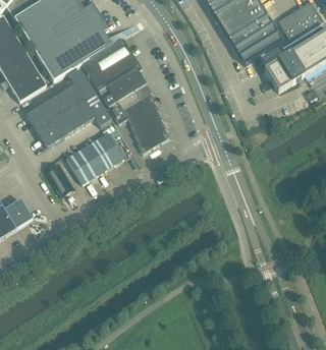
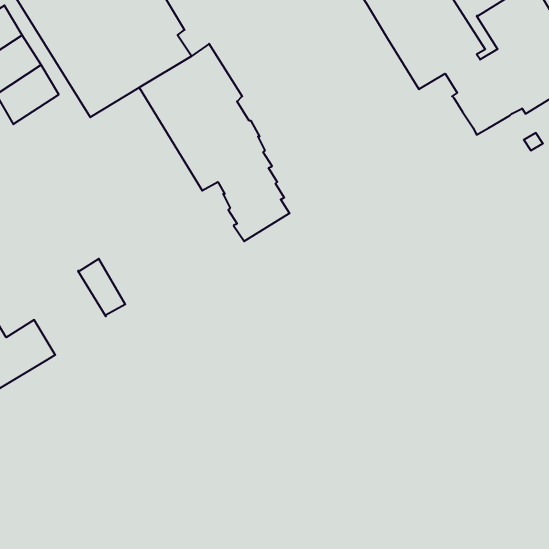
building: [8,66,46,101] -> none
building: [26,68,111,147] -> none
building: [66,131,123,183] -> none

